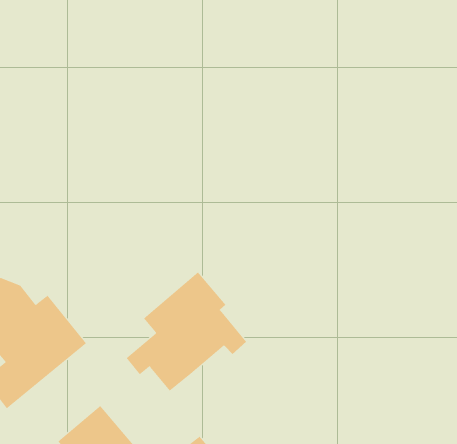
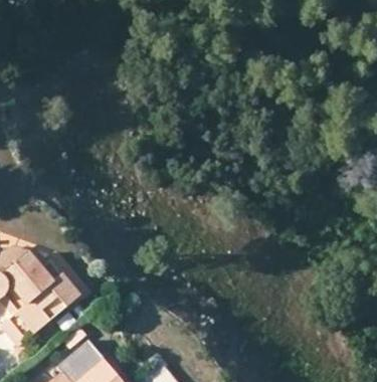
building: [126,272,247,392] -> none

